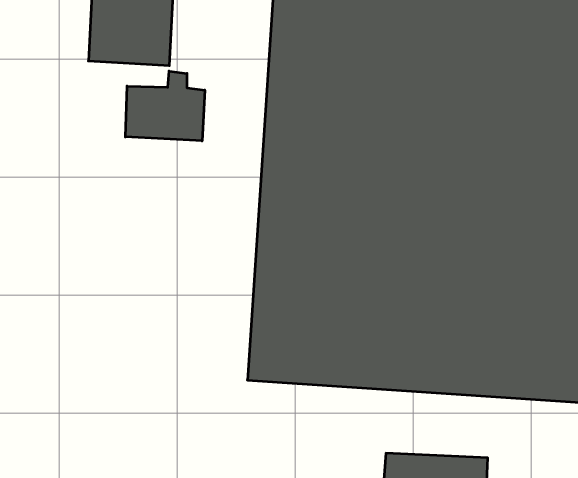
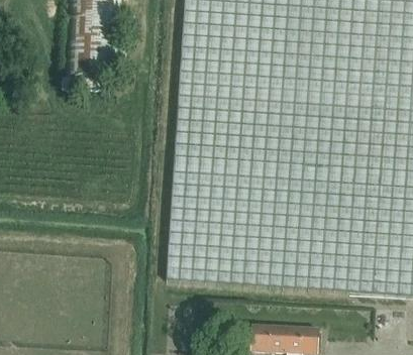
building: [125,71,205,141] -> none

